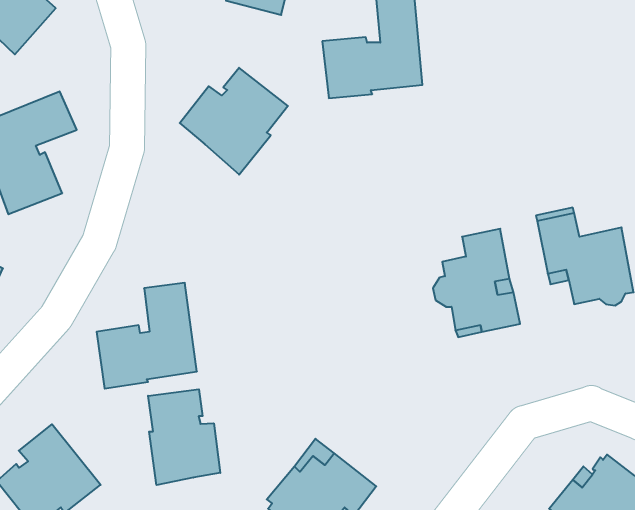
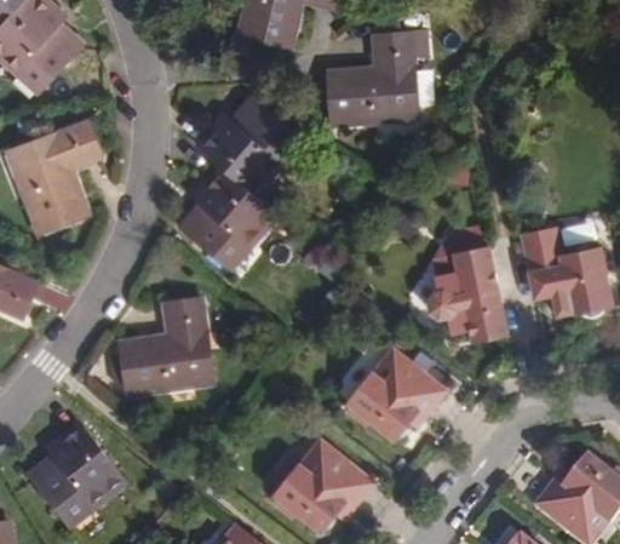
building: none -> [179,168,274,268]
building: none -> [346,348,450,437]
building: [148,389,220,485] -> none

